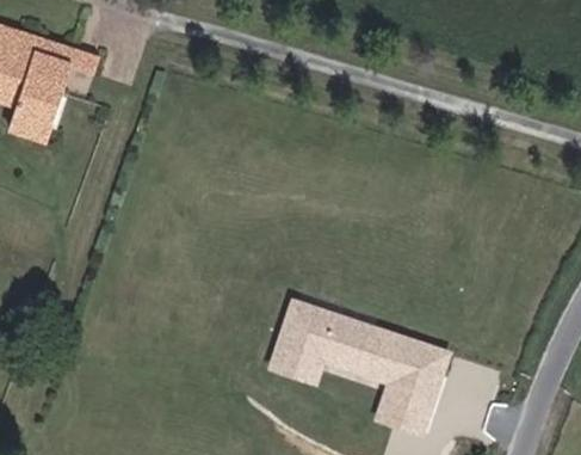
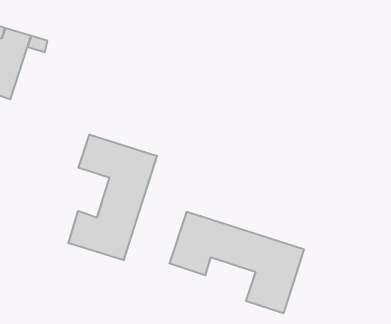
building: none -> [68,134,157,260]

